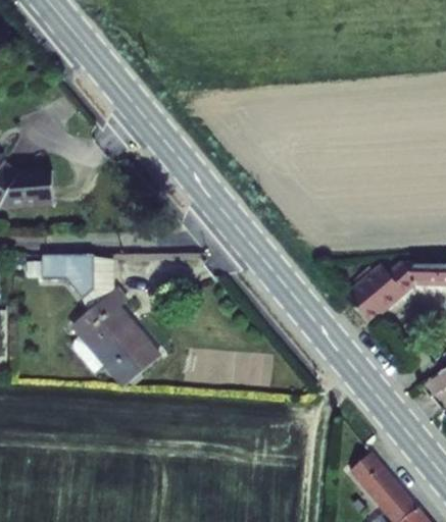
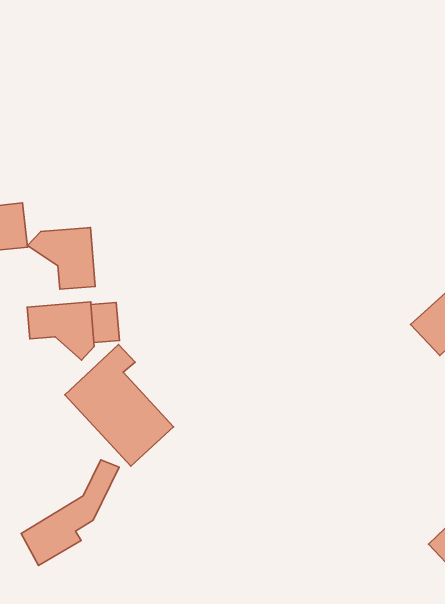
building: none -> [28,227,95,289]
building: none -> [21,460,119,565]

